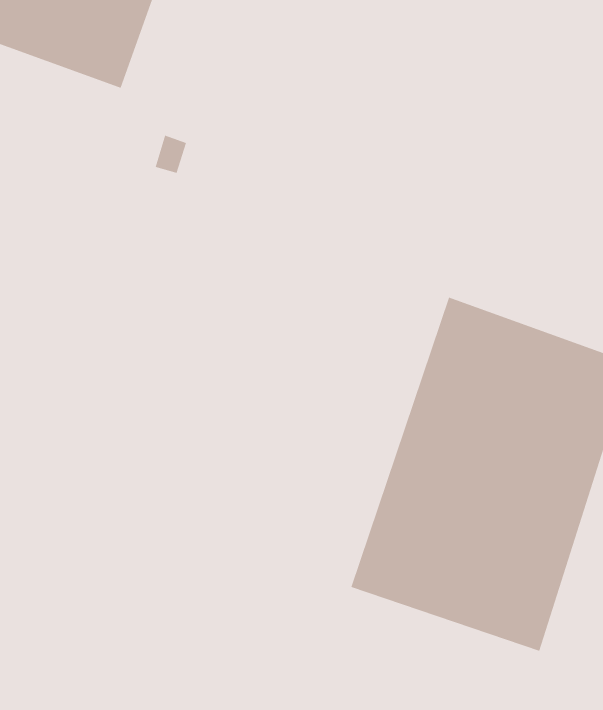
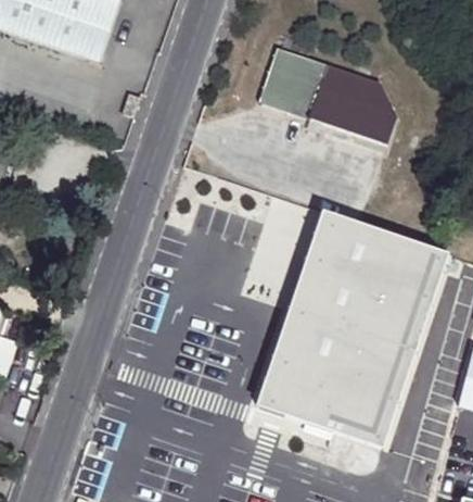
building: none -> [255,49,395,146]

